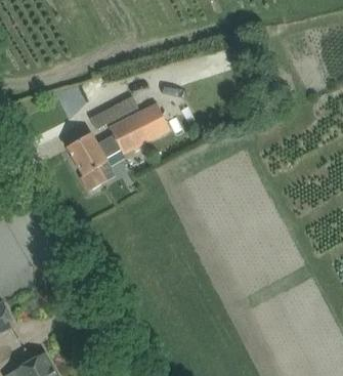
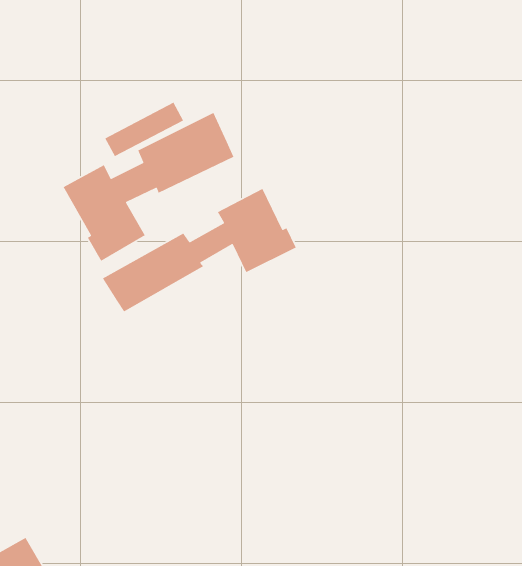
building: none -> [102,188,297,313]

